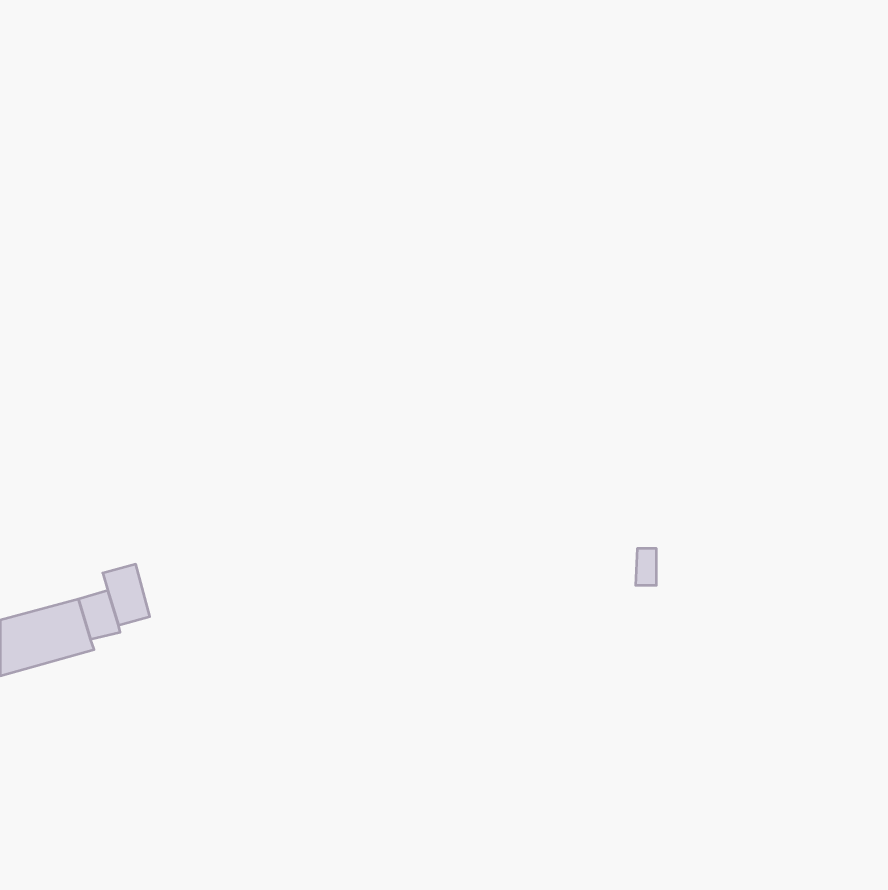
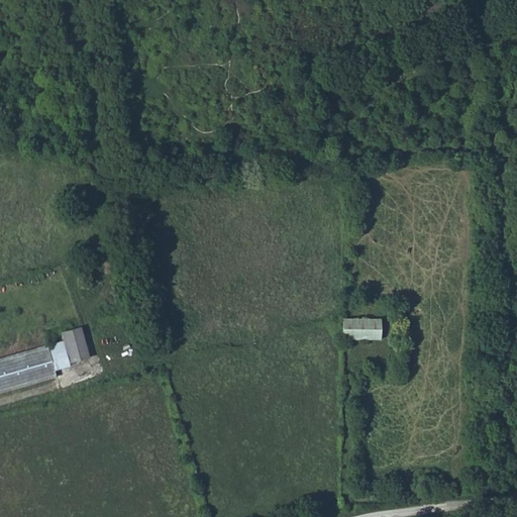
building: none -> [341,317,371,339]

